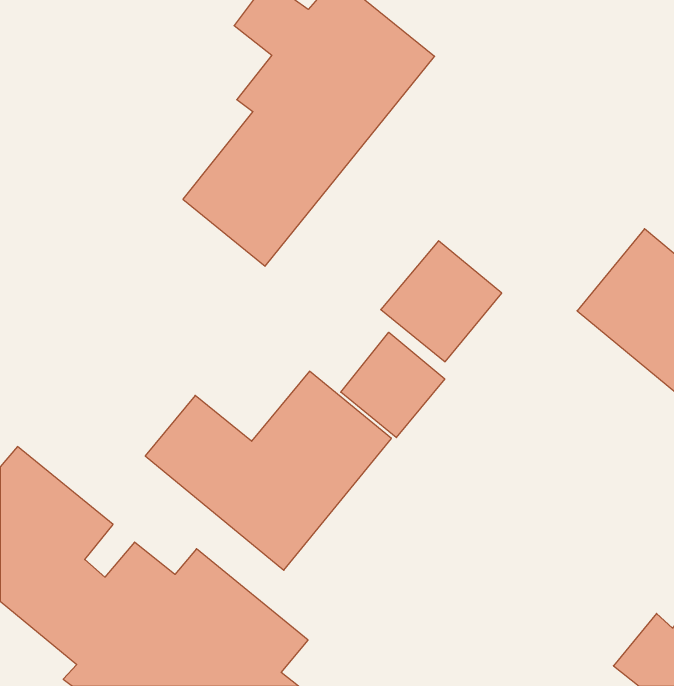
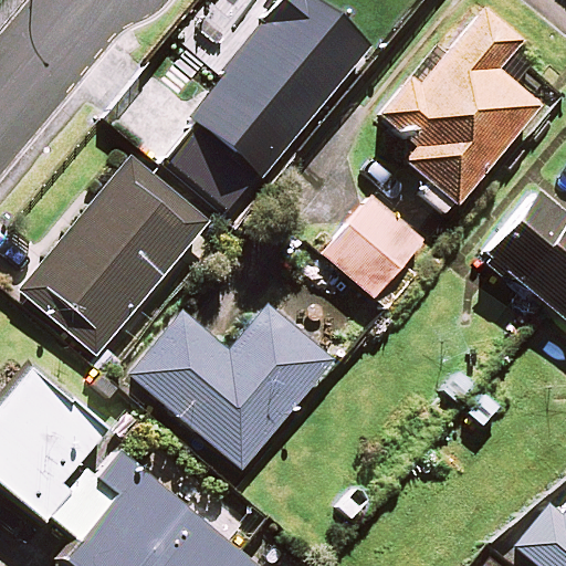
building: none -> [382,7,538,207]
building: none -> [22,159,208,355]
building: [341,332,445,438] -> none

